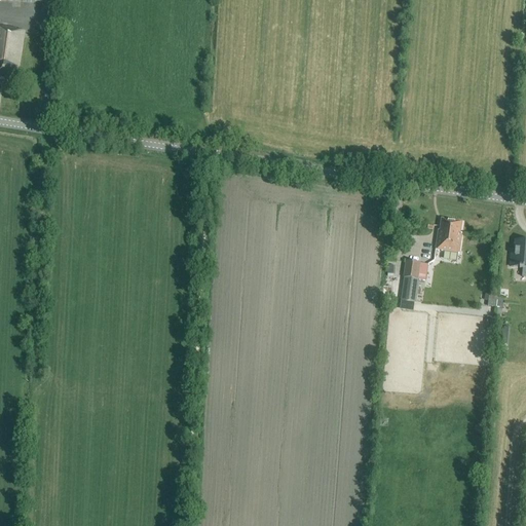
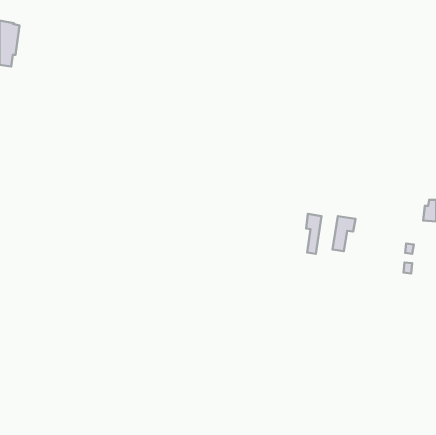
building: [435,218,460,252] -> none
building: none -> [306,214,322,254]

